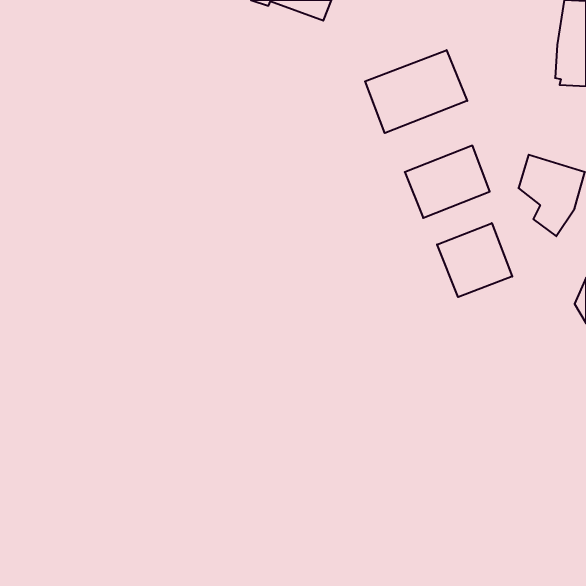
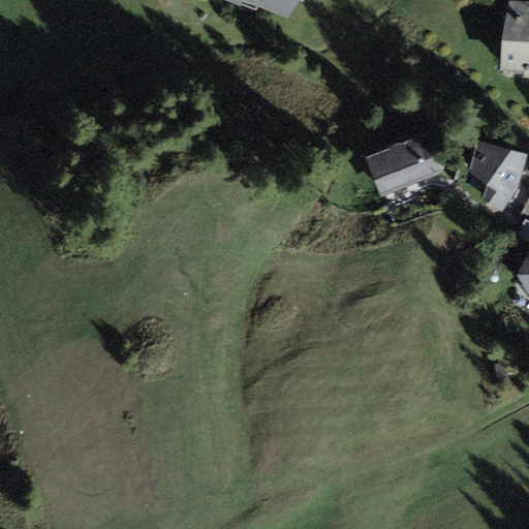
building: [365,50,467,133] -> none
building: [437,223,512,297] -> none

